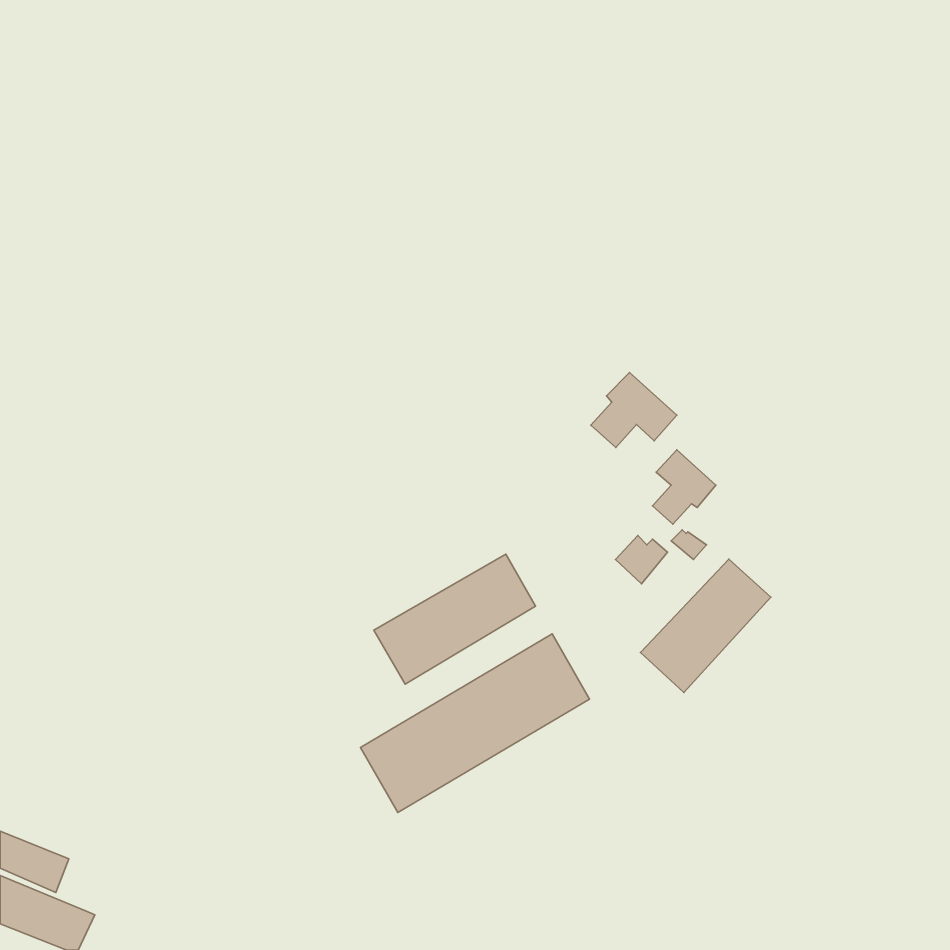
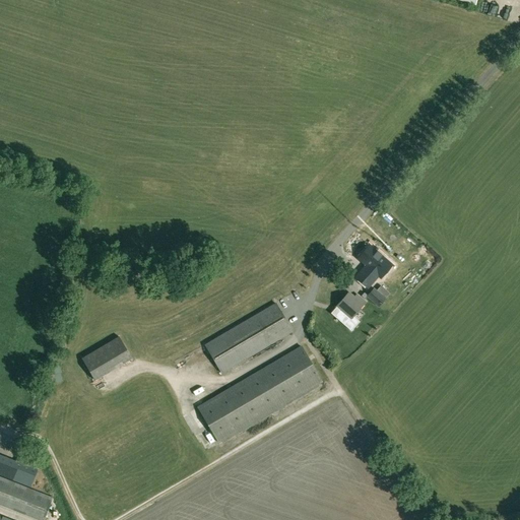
building: [591,372,677,448] -> none
building: [640,559,771,693] -> none
building: none -> [81,336,132,381]

